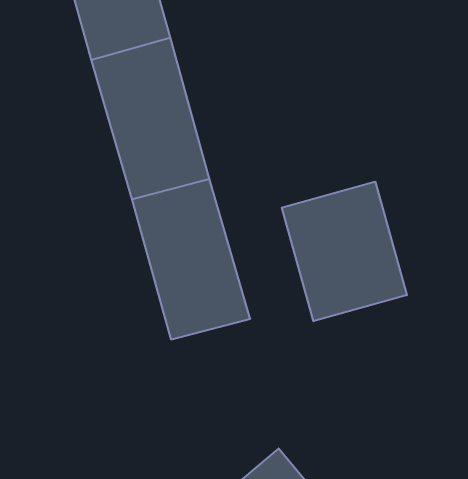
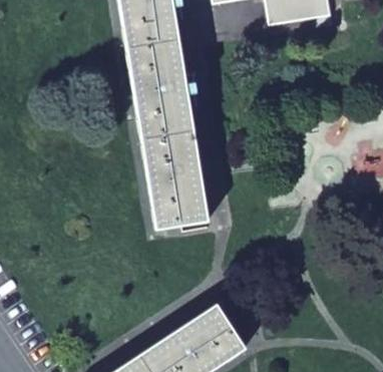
building: [282,182,407,321] -> none

